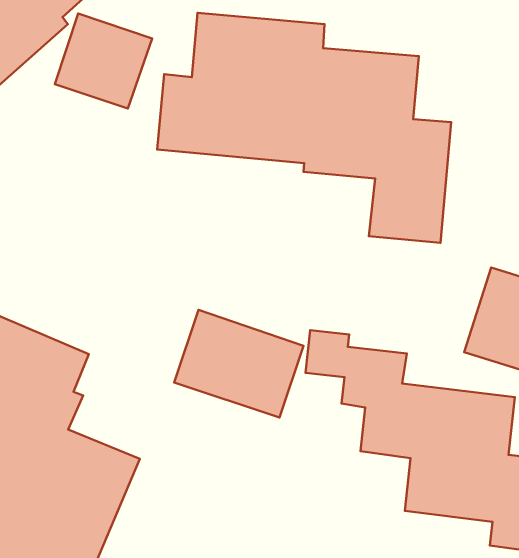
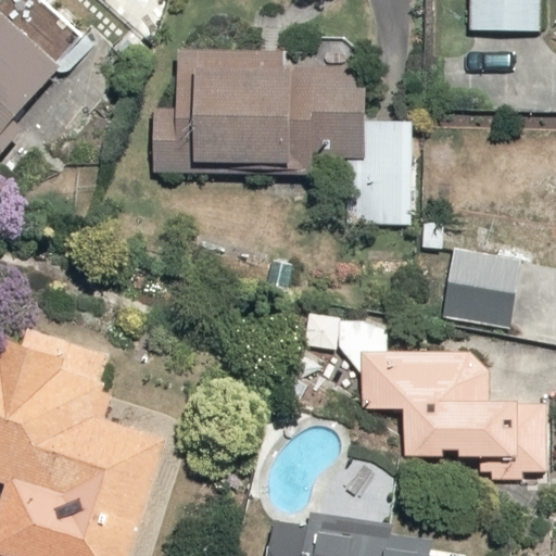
building: [55,13,152,109] -> none
building: [174,310,304,417] -> none

